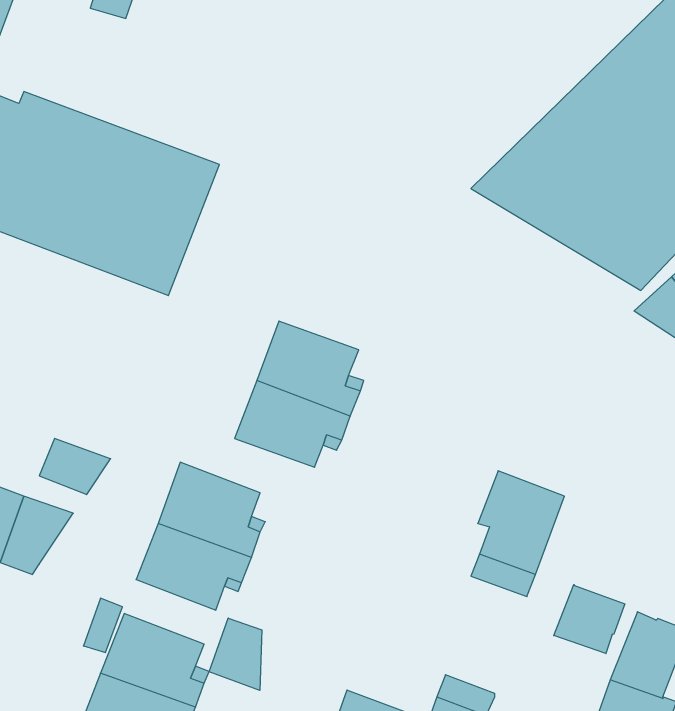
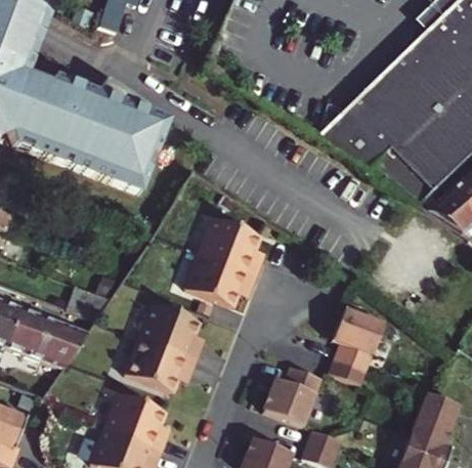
building: none -> [262,365,319,424]
building: [554,585,625,654] -> none
building: [209,618,262,690] -> none

